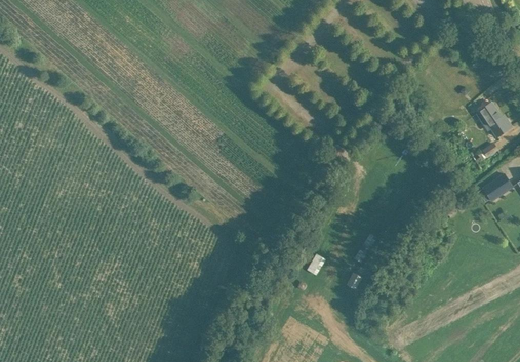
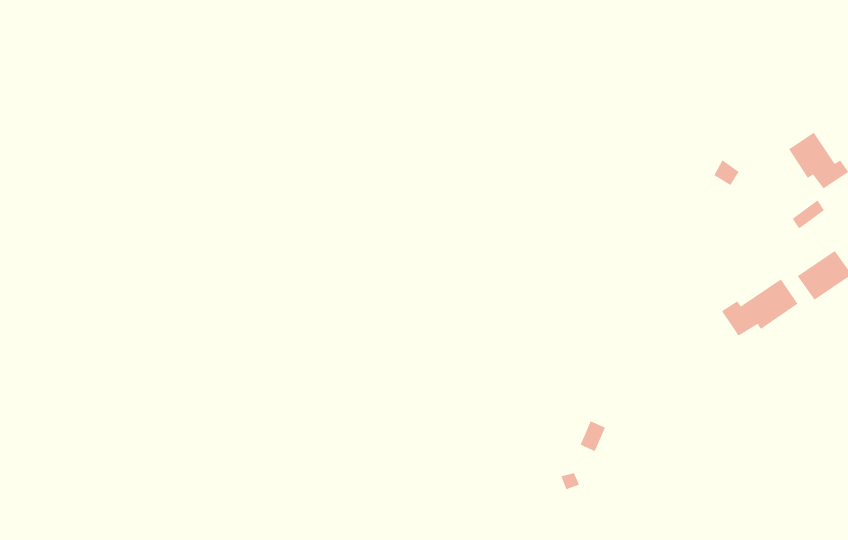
building: none -> [721,278,798,337]

